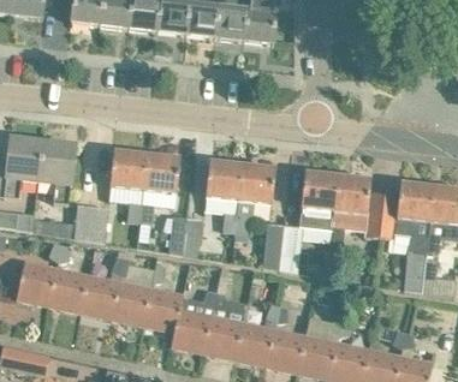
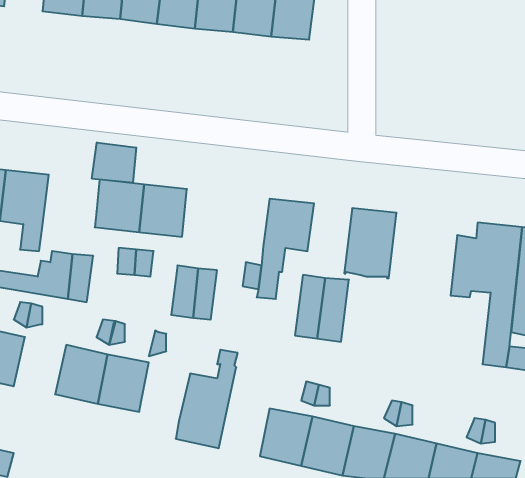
building: none -> [92,142,136,183]
building: [204,161,242,201] -> none
building: [329,175,383,251] -> none
building: [48,269,88,312] -> none
building: [203,285,242,359] -> none
building: [143,288,182,333] -> none

